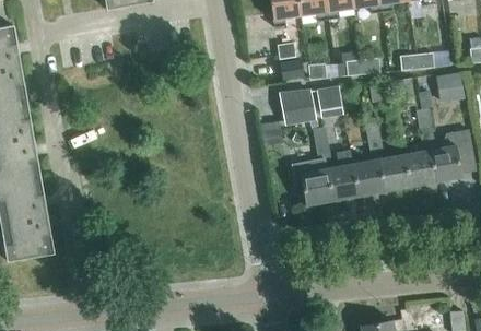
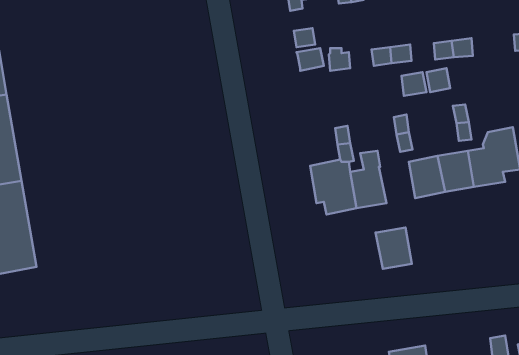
building: [436,73,464,103] -> none
building: [317,85,344,118] -> none
building: [280,88,316,126] -> none
building: [352,159,384,196] -> [375,228,412,269]

